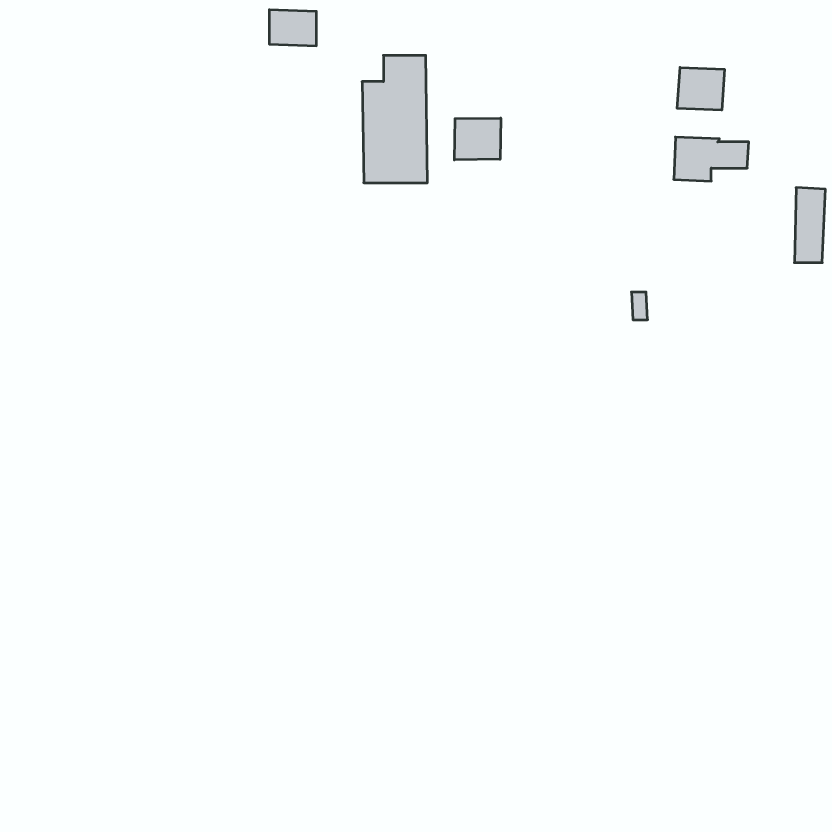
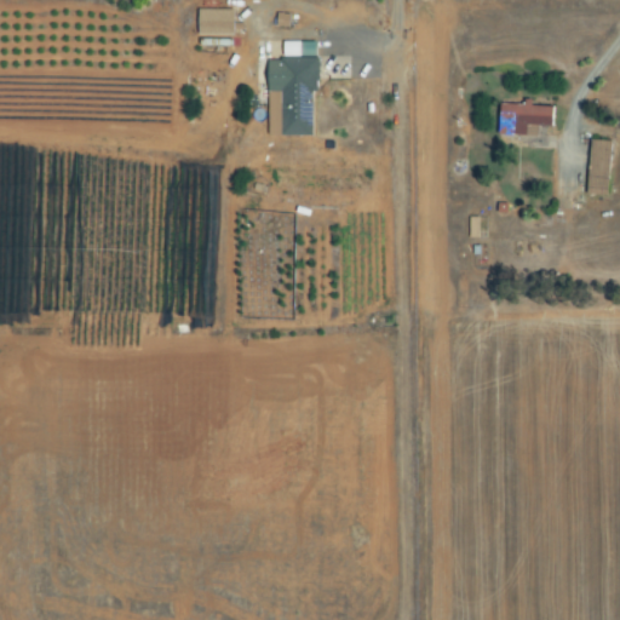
building: [677,67,724,110] -> none
building: [454,118,501,160] -> none

